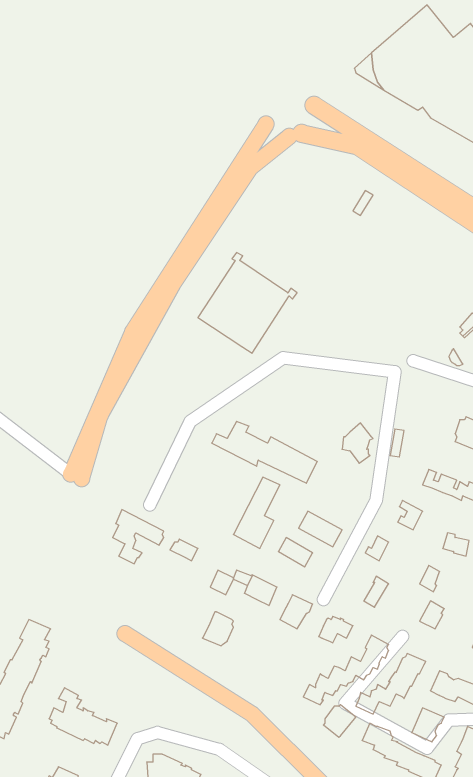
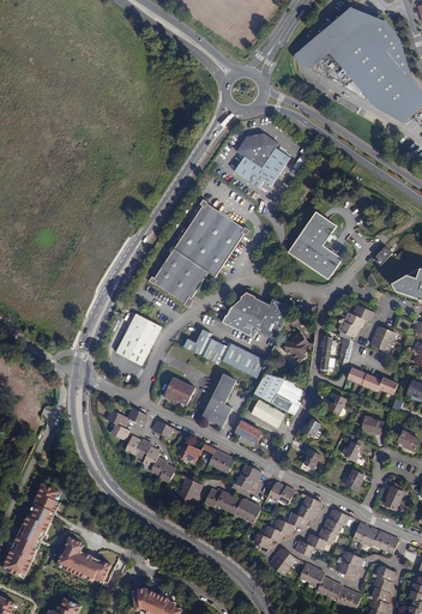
building: none -> [234,132,290,187]
building: none -> [288,211,342,279]
building: none -> [147,249,207,307]
building: none -> [224,295,289,341]
building: none -> [339,306,374,337]
building: none -> [115,313,162,366]
building: none -> [254,374,293,411]
building: none -> [163,377,194,405]
building: none -> [126,437,175,482]
building: none -> [204,488,260,523]

